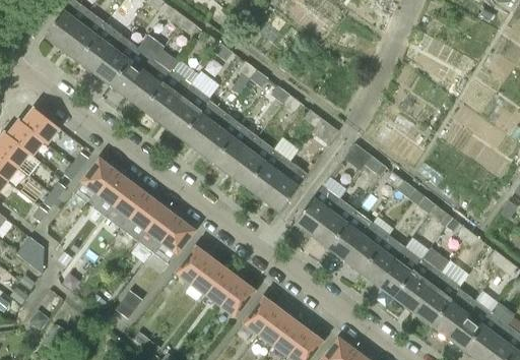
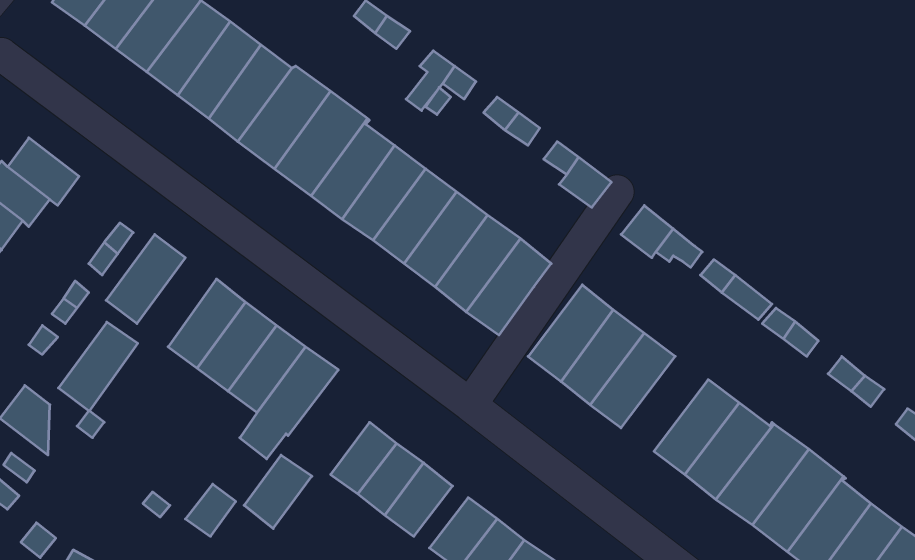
building: [89,171,131,218] -> [58,322,138,411]
building: [343,223,389,273] -> none
building: [176,246,211,285] -> [244,455,312,529]

